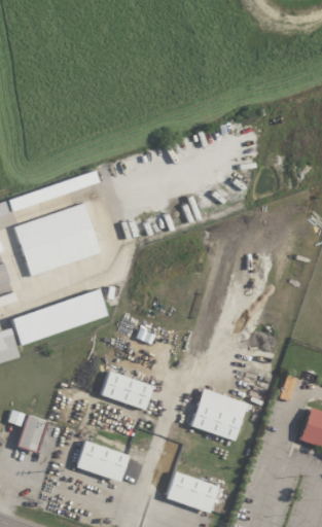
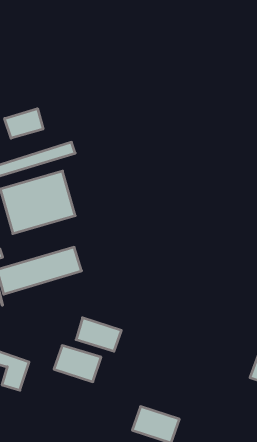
building: none -> [5,109,43,138]
building: [190,388,247,441] -> none
building: [76,441,130,482] -> [54,346,101,382]

